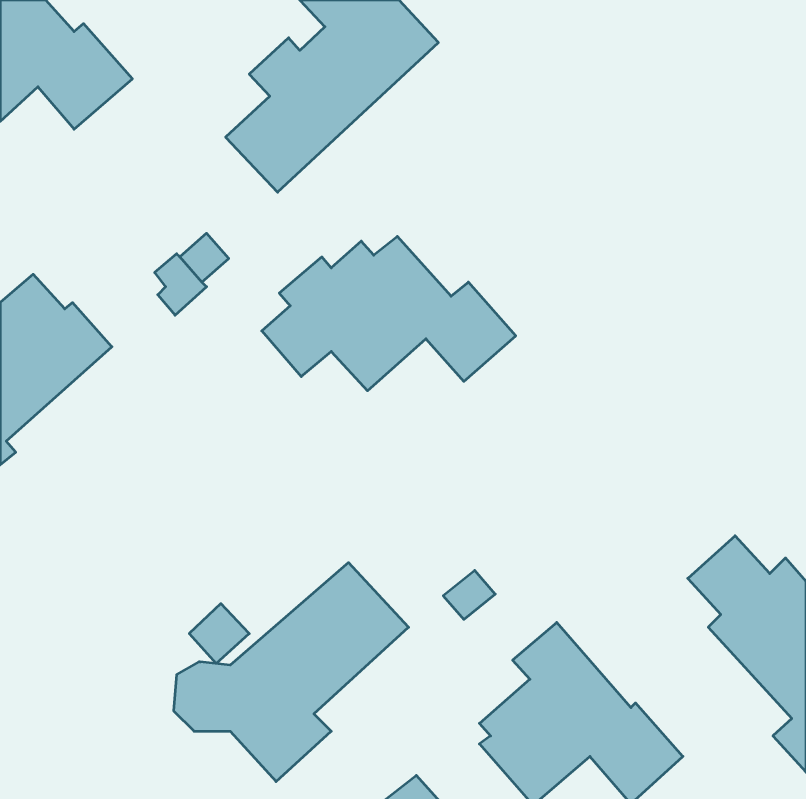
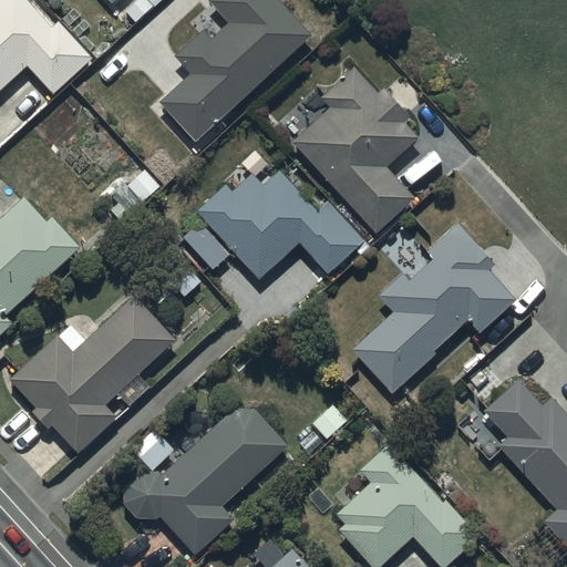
building: none -> [293,68,417,231]
building: none -> [352,225,515,392]
building: none -> [10,295,174,453]

